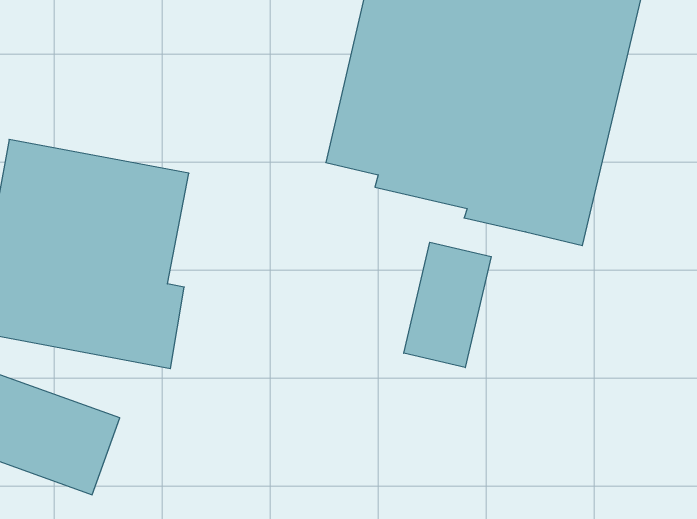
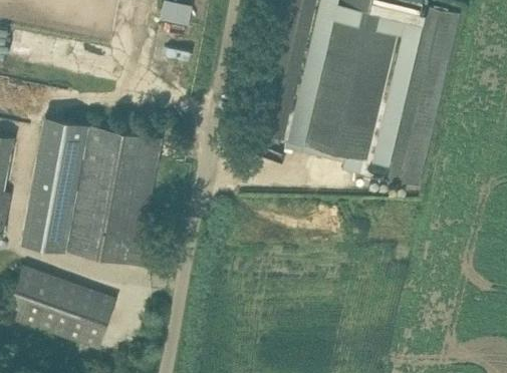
building: [404,242,491,368] -> none

